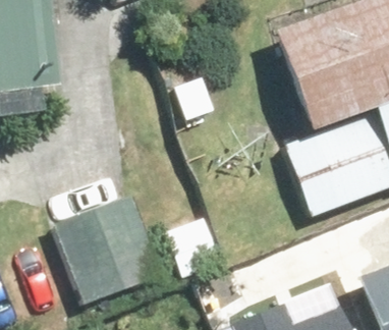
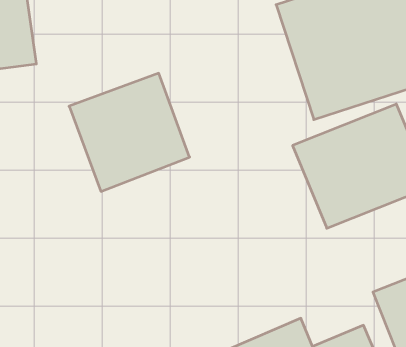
building: [60,202,164,304] -> [69,73,190,191]

